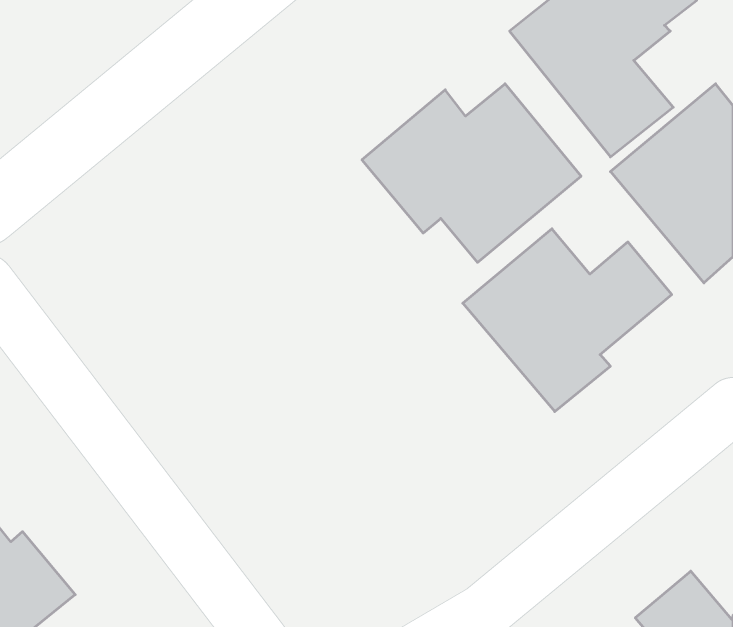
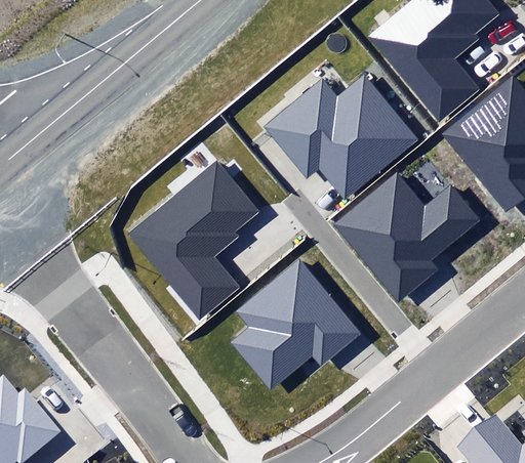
building: none -> [124,158,258,322]
building: none -> [234,259,363,389]

